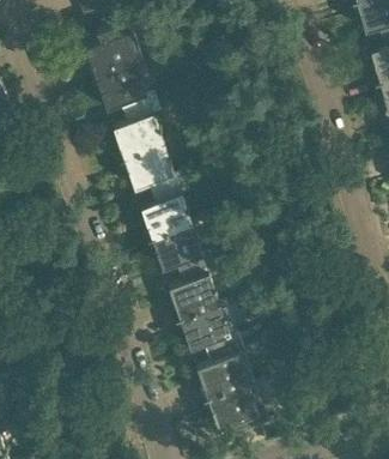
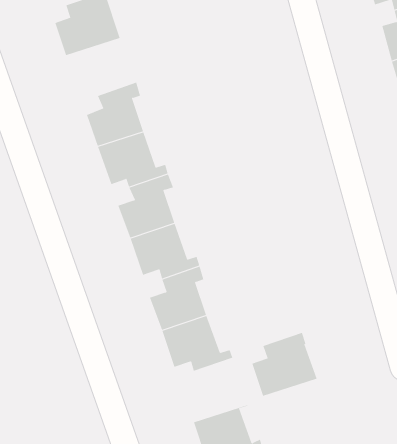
building: [96,64,158,114] -> none
building: [197,343,255,399] -> [252,332,318,397]

